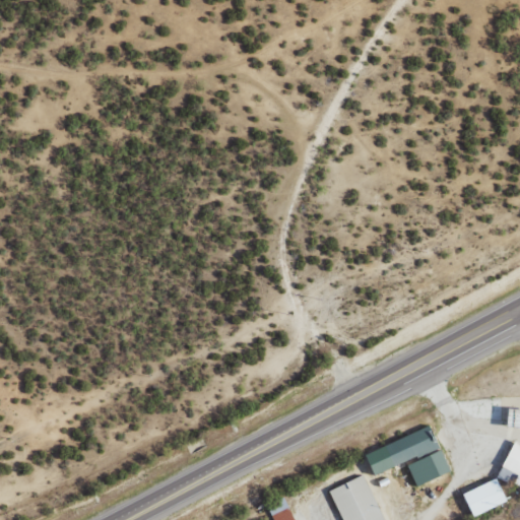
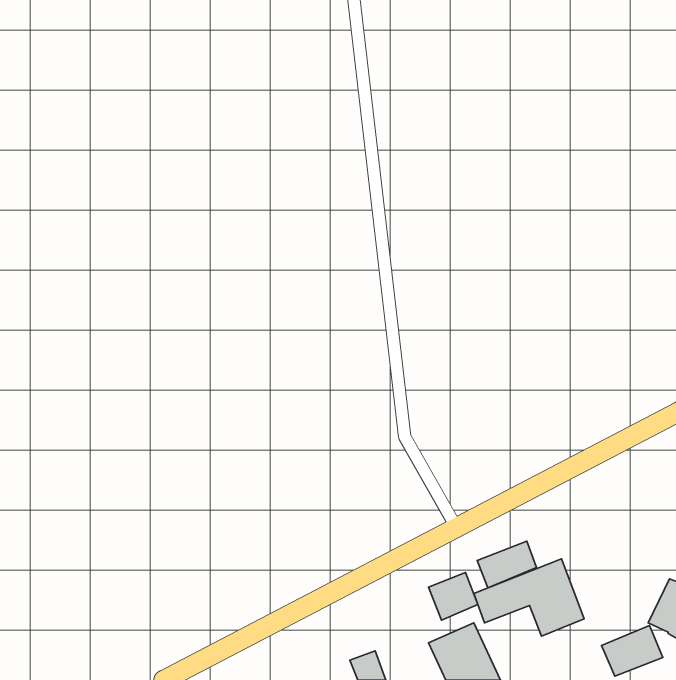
building: none -> [477,541,537,588]
building: none -> [428,572,478,620]

